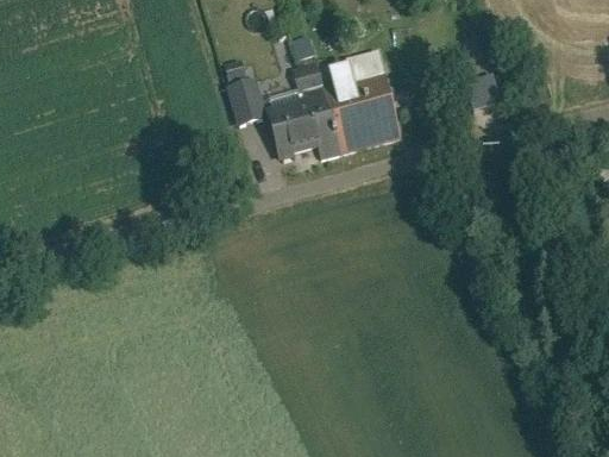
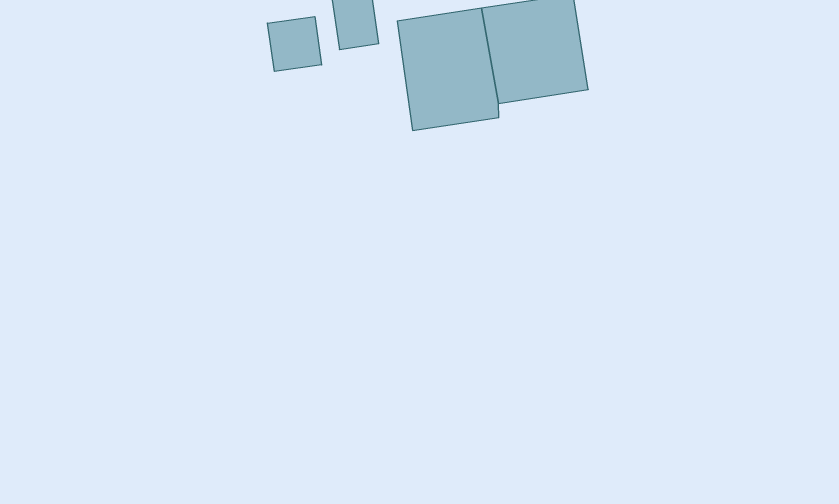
building: [463,69,497,105] -> none
building: none -> [267,17,322,71]

